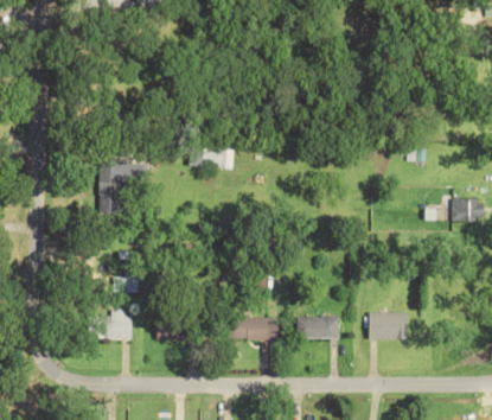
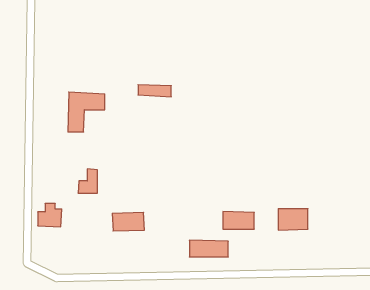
building: [451,201,481,223] -> none
building: [101,308,132,338] -> [38,204,62,227]
building: [228,318,277,339] -> [189,240,228,257]

